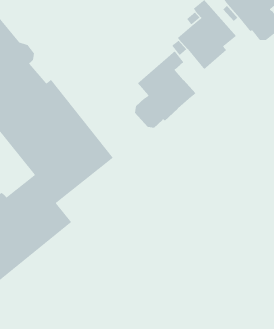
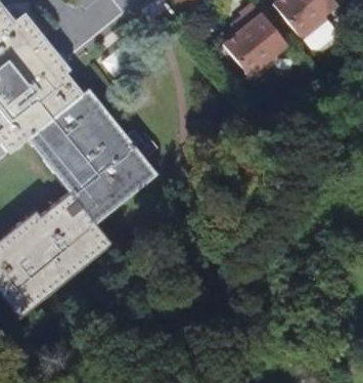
building: [134,50,196,128] -> none

